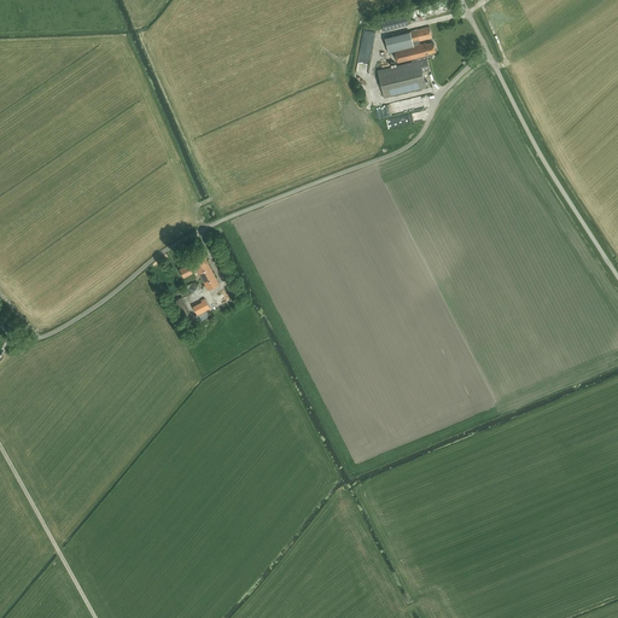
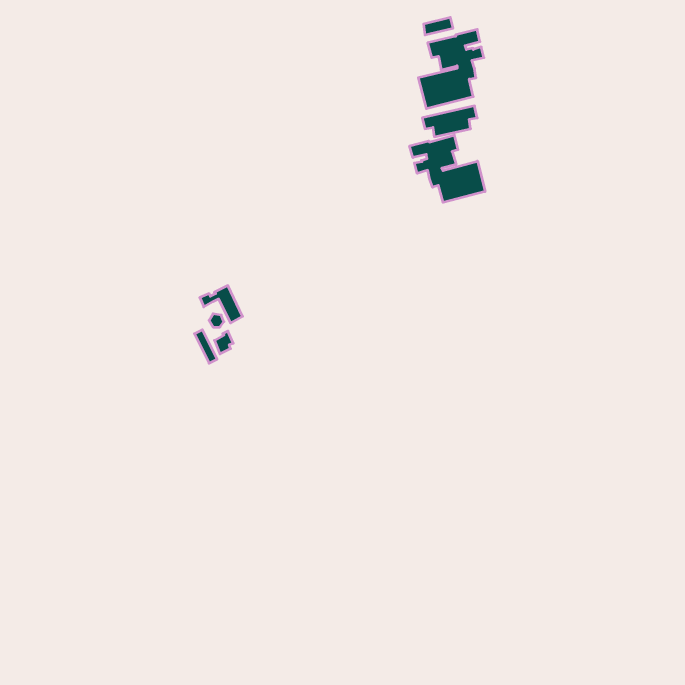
building: none -> [410,135,485,202]

